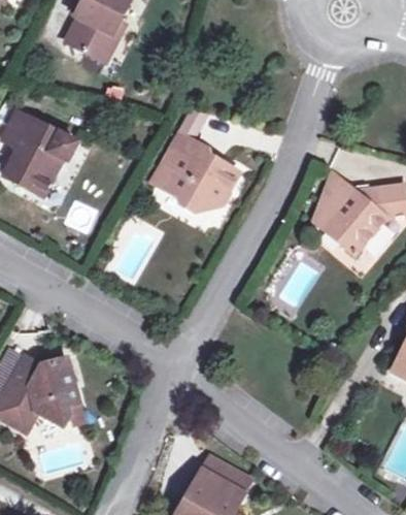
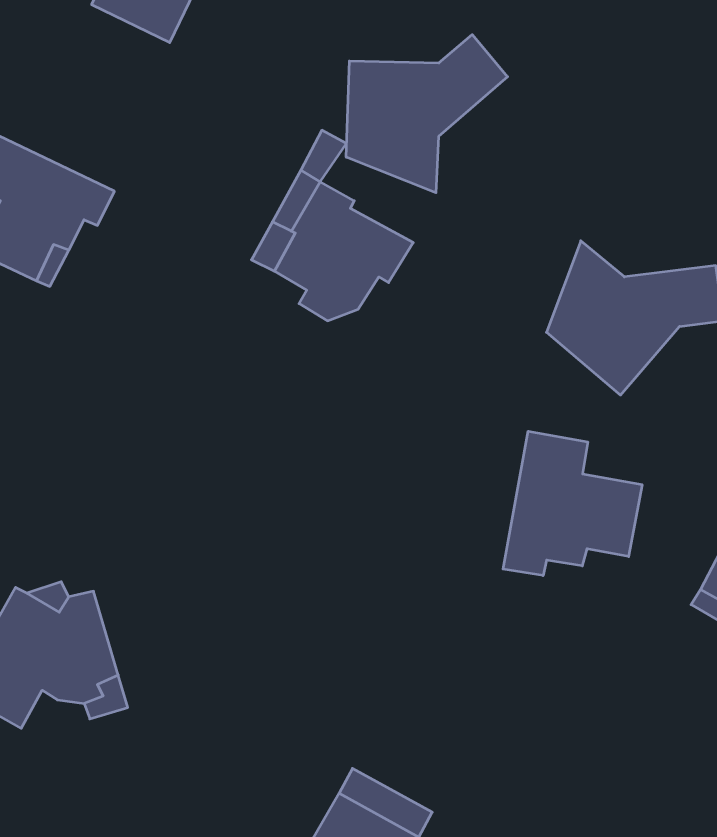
building: none -> [346,35,508,193]
building: none -> [503,431,642,576]

